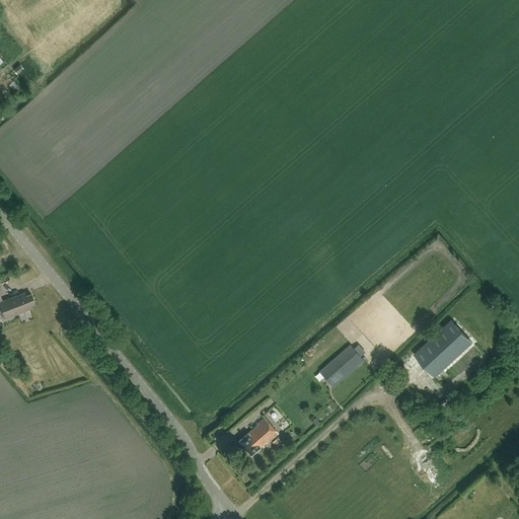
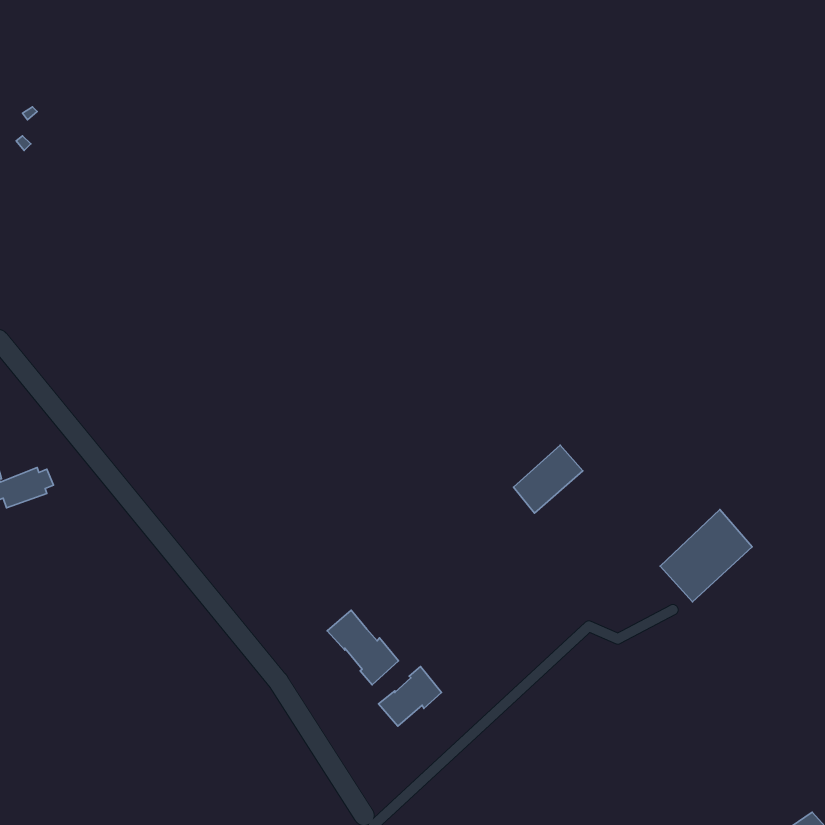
building: [321,346,365,388] -> [513,445,583,513]
building: none -> [327,610,398,685]

